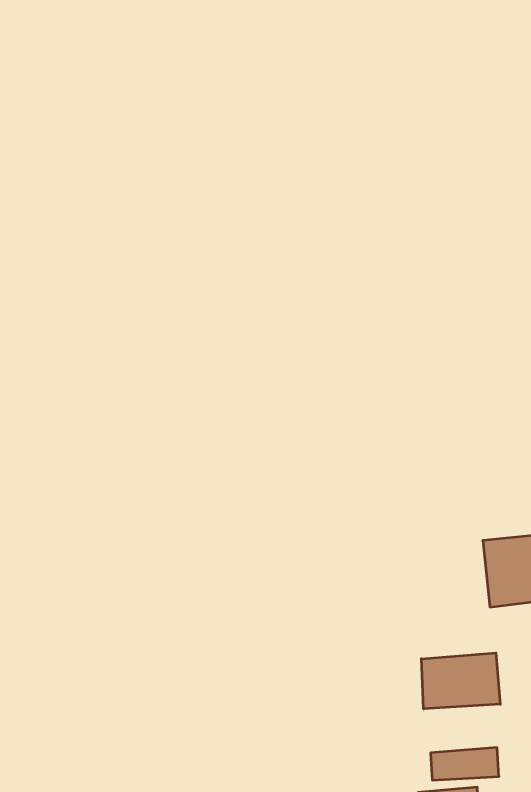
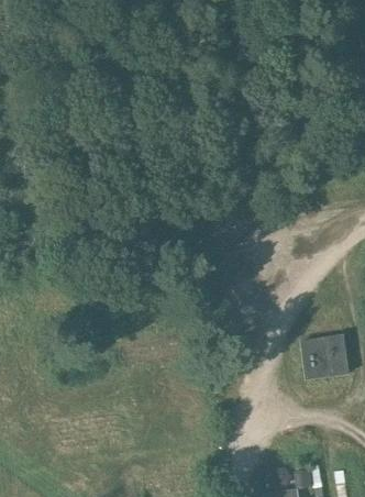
building: [421,653,500,709] -> none

